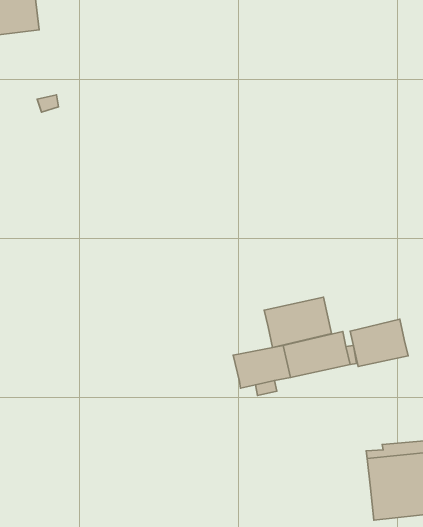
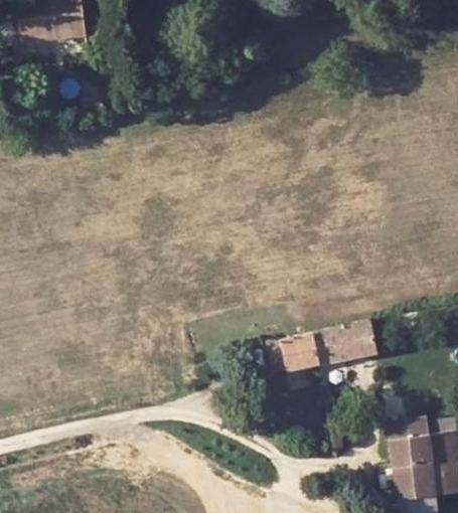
building: [264,297,331,347] -> none
building: [350,319,408,367] -> none

